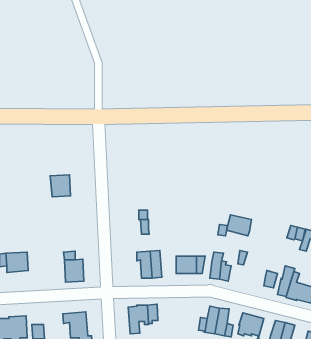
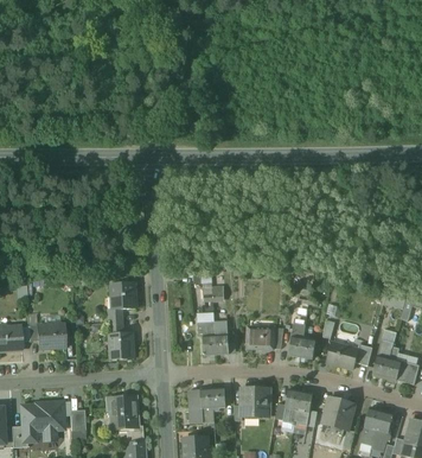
building: [50,175,70,197] -> [111,281,136,308]
building: [226,215,252,236] -> [327,344,358,370]
building: none -> [242,388,269,415]

